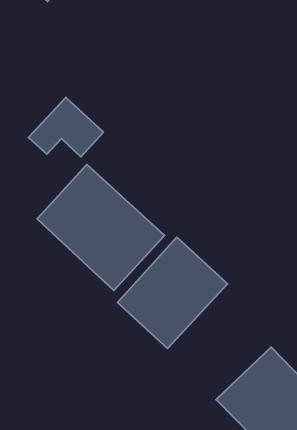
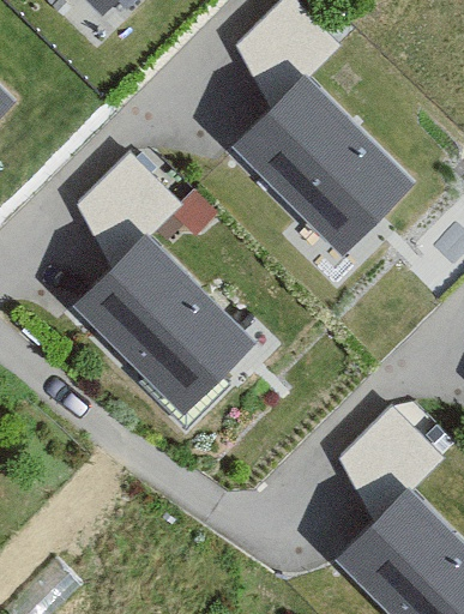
building: none -> [235,73,422,257]
building: [118,237,228,348] -> none

